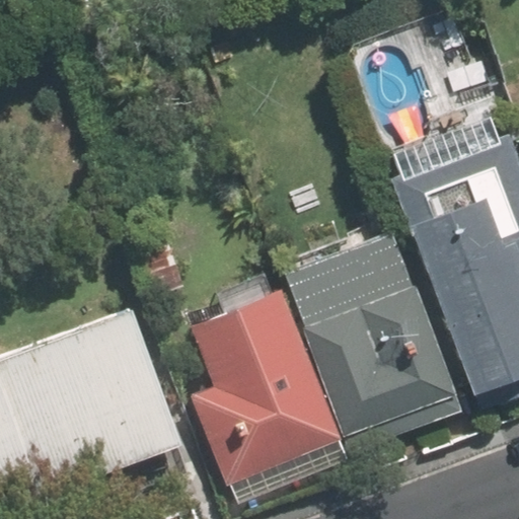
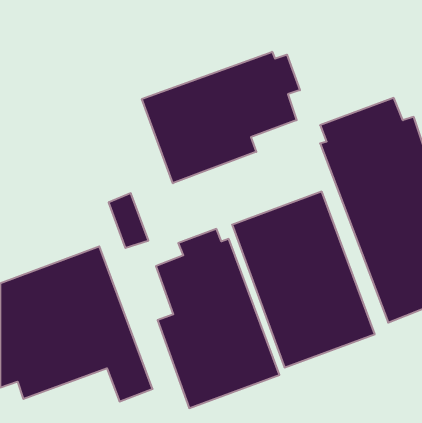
building: none -> [142,52,300,183]

